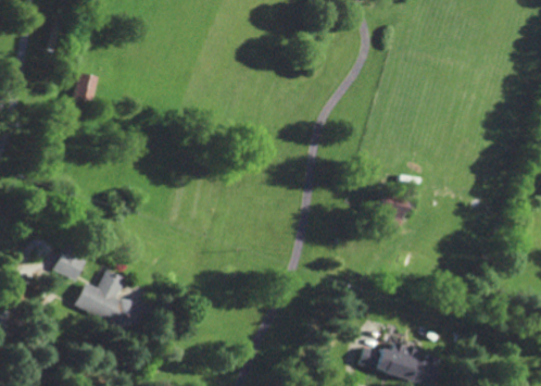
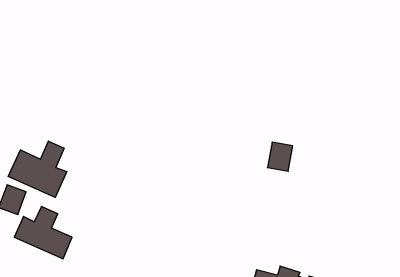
building: [73,71,98,102] -> none
building: none -> [8,141,67,197]

